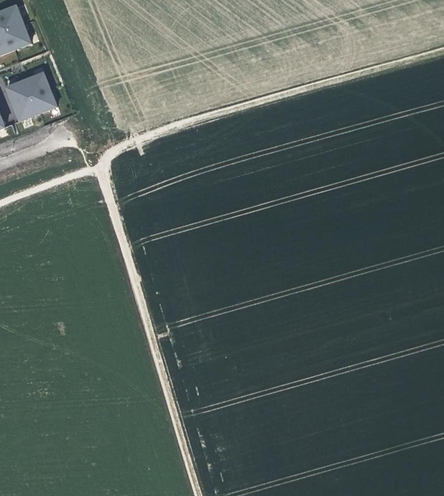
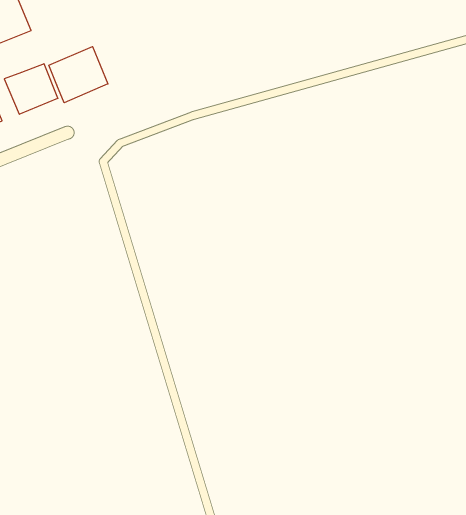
building: none -> [49,47,108,103]

